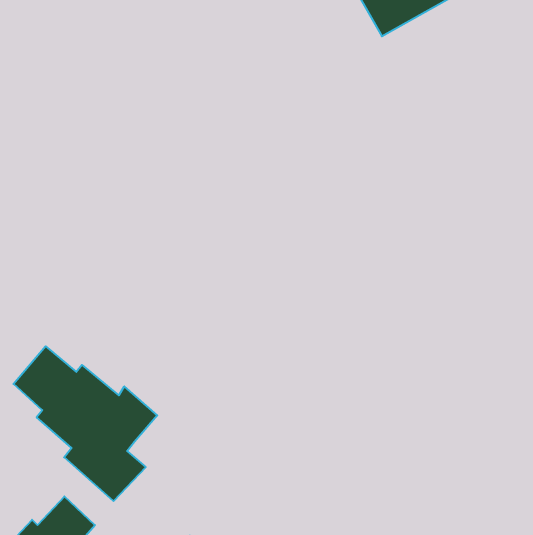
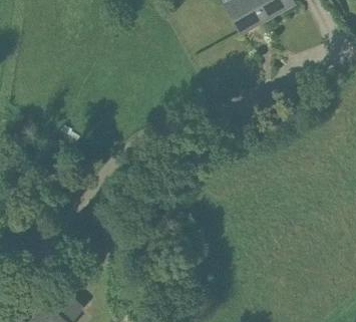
building: [13,346,157,501] -> none

